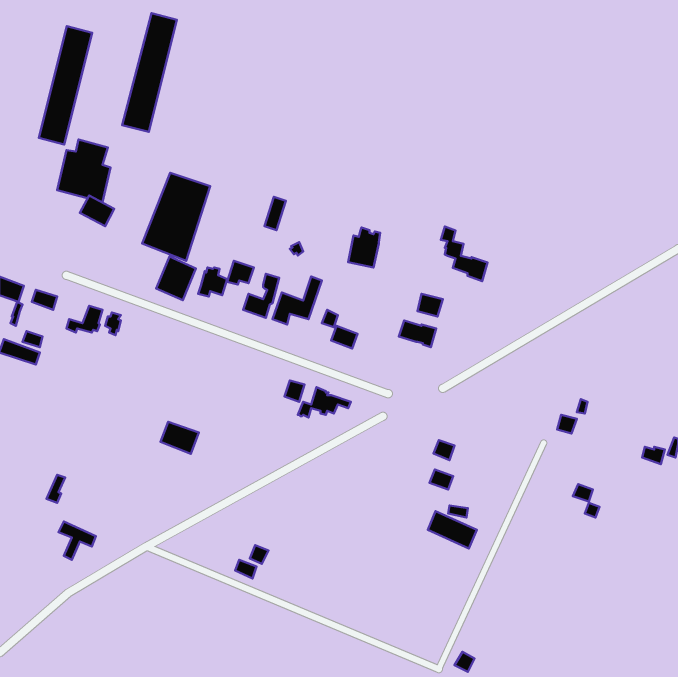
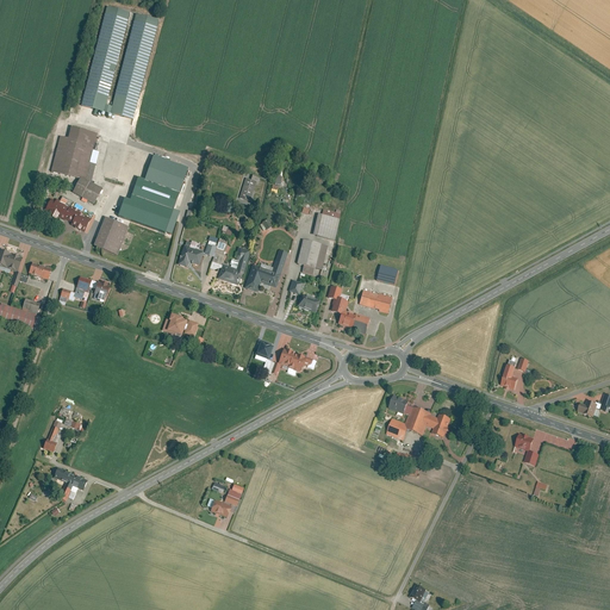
building: [39,26,92,145] -> [81,5,129,111]
building: none -> [45,197,91,231]
building: [441,226,487,281] -> [328,285,369,334]
building: [156,256,196,300] -> [93,214,129,254]
building: none -> [297,238,329,273]
building: [160,422,199,454] -> [162,313,197,342]
building: [428,511,477,549] -> [404,406,448,440]

